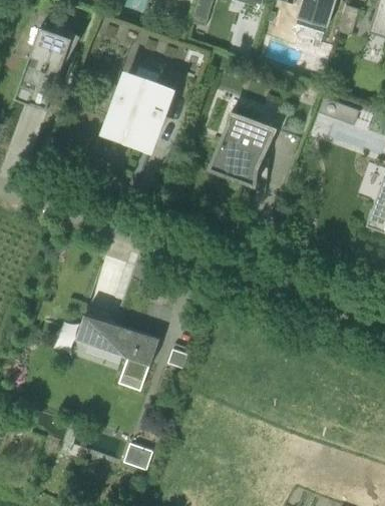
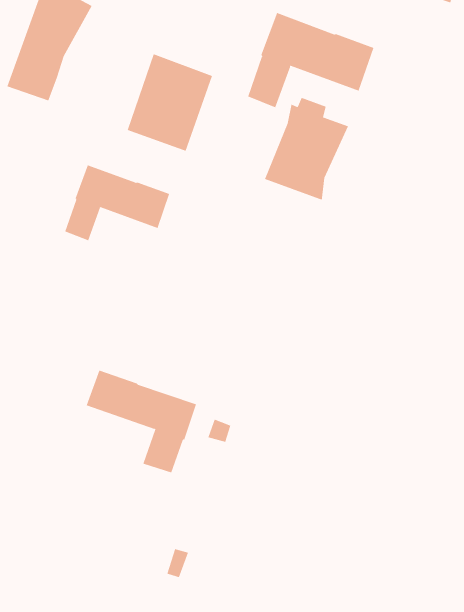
building: none -> [247,12,374,108]
building: none -> [65,164,170,241]

